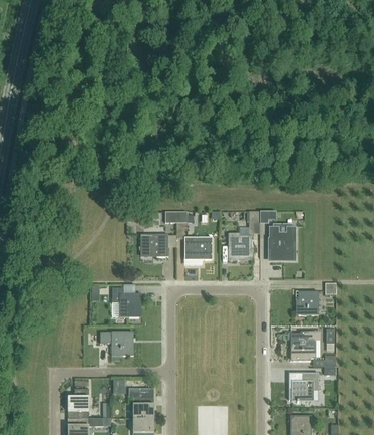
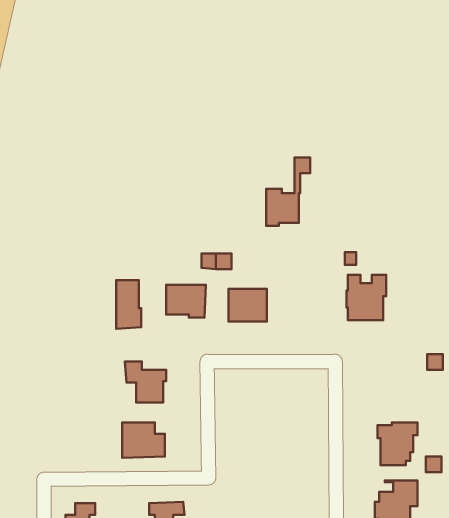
building: [228,210,259,258] -> [266,158,310,226]
building: none -> [116,280,141,329]
building: [298,290,318,314] -> none

